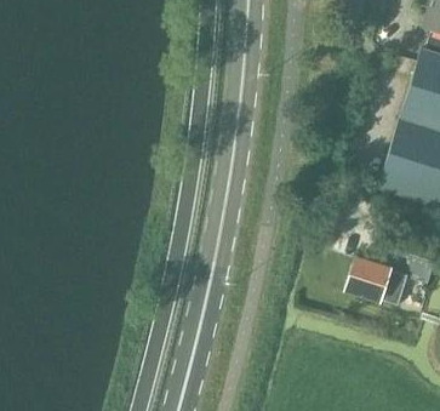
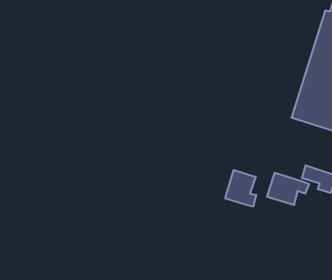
building: none -> [225,170,256,207]

